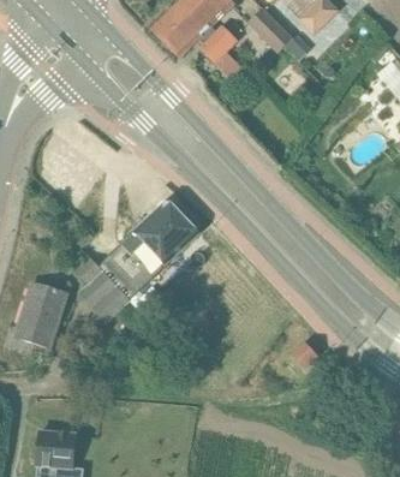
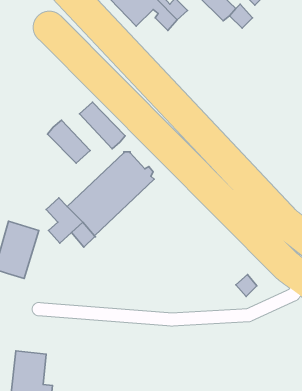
building: none -> [79,102,125,149]
building: none -> [47,120,90,163]

